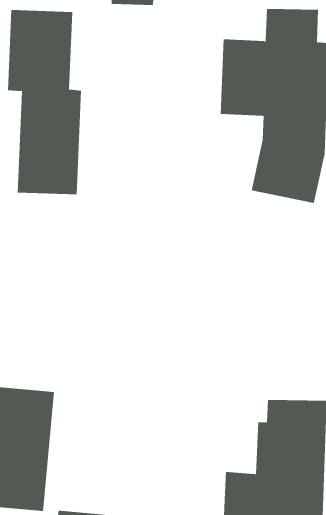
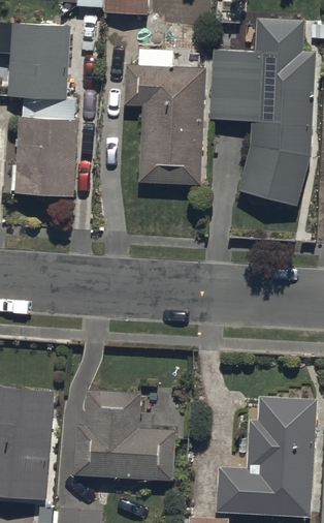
building: none -> [125,67,207,187]
building: none -> [73,390,172,480]

